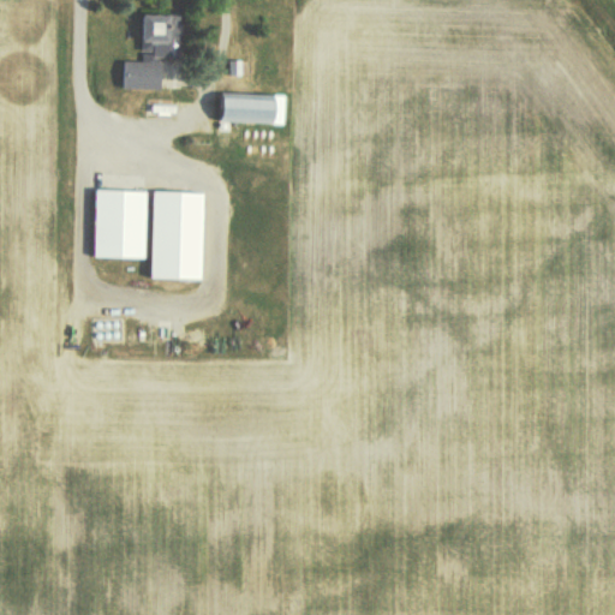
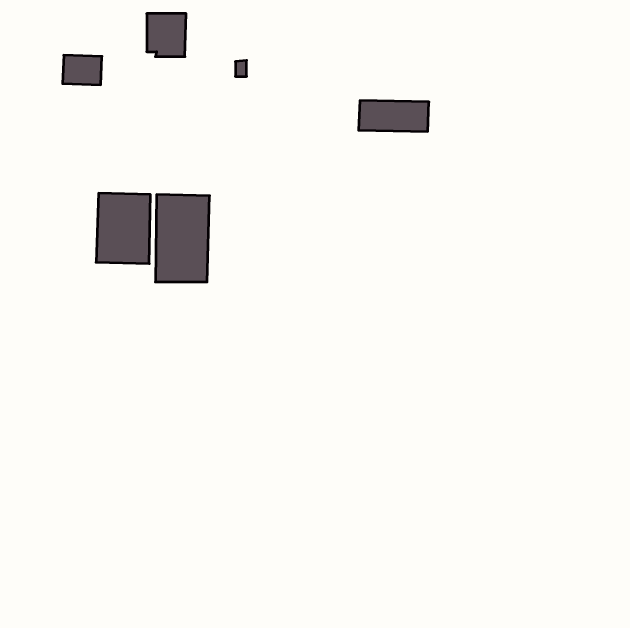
building: [123,61,161,90] -> [63,55,102,85]
building: [221,94,289,124] -> [359,101,429,131]

